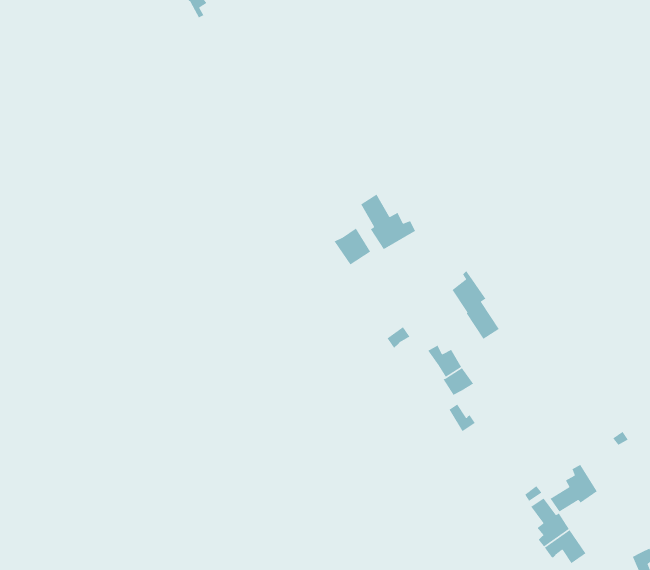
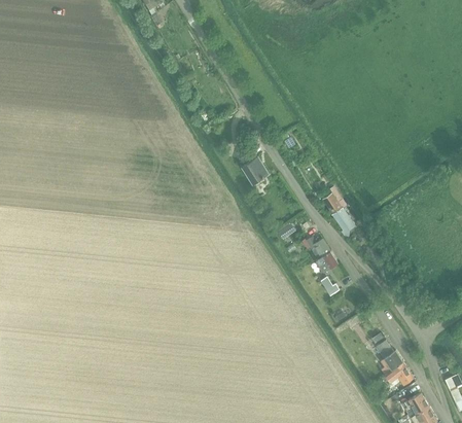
building: [360,194,416,250] -> none
building: [550,464,598,513] -> none

